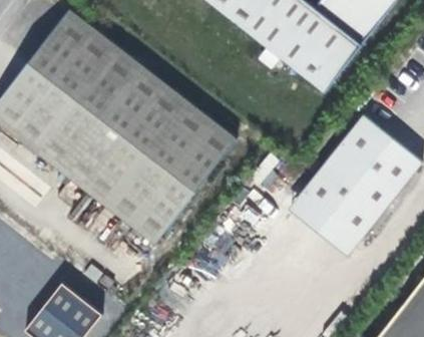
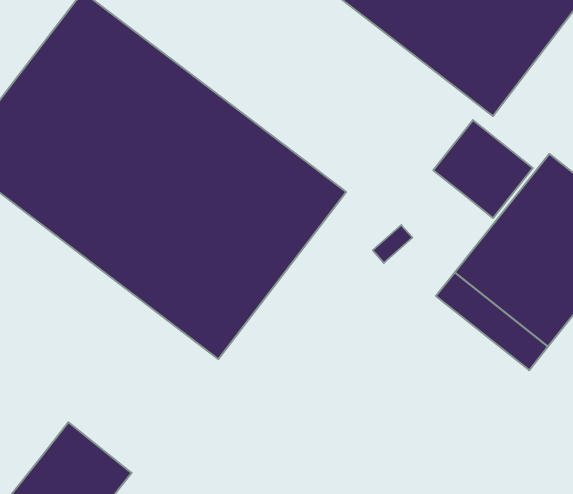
building: none -> [433,120,533,218]

